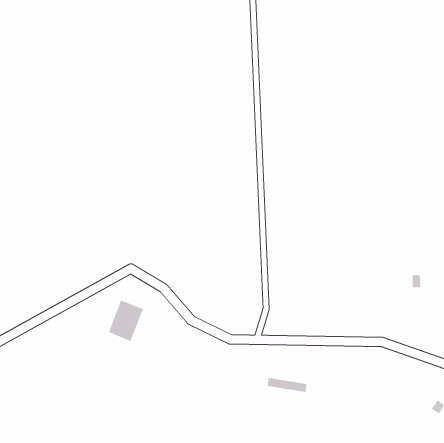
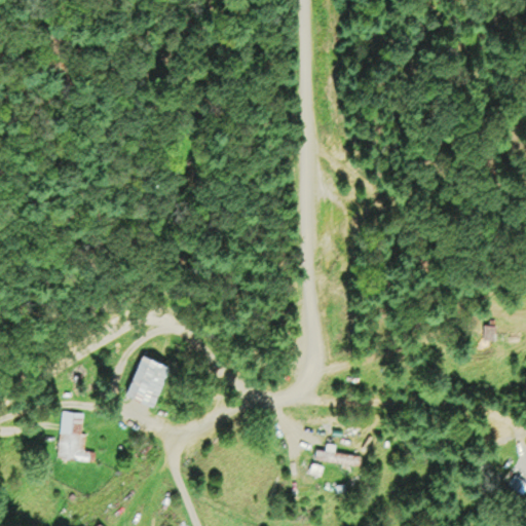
building: none -> [58,412,84,459]

